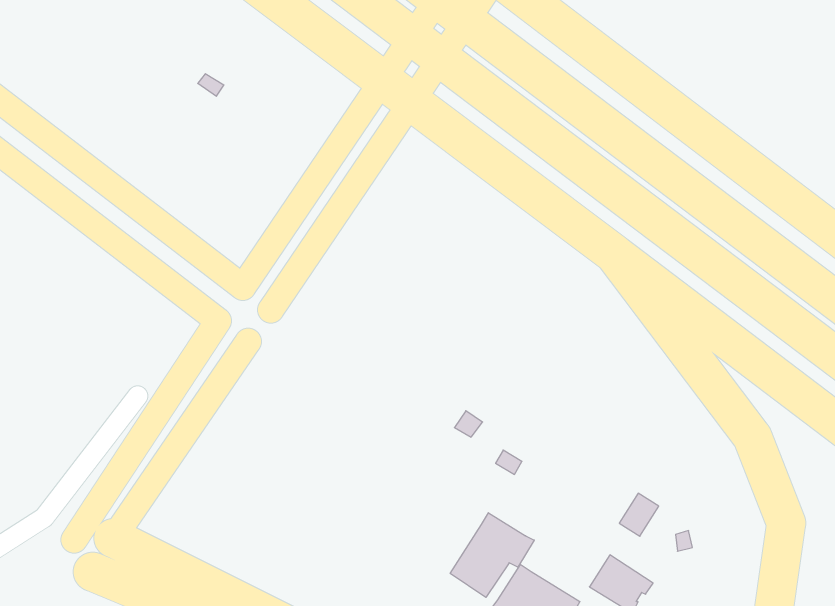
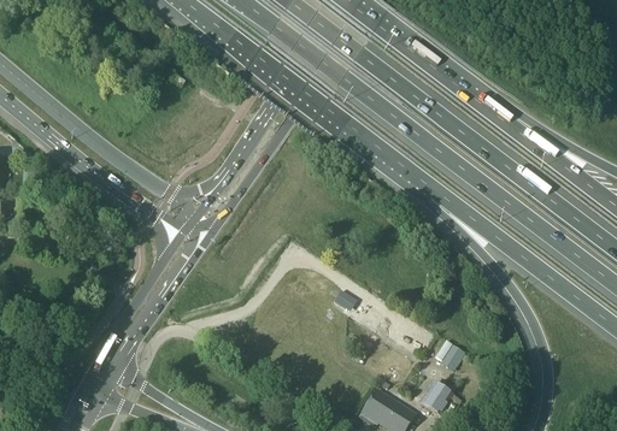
building: [450,513,534,597] -> none

